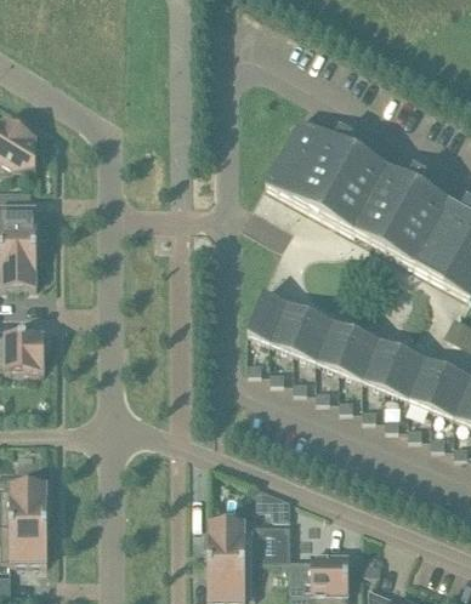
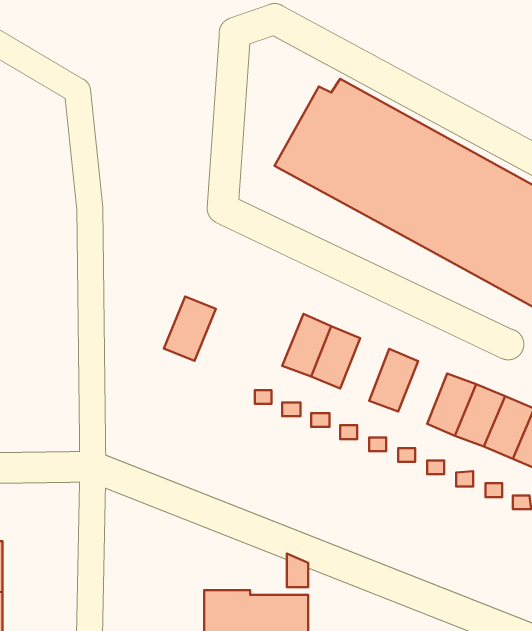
building: [245,292,286,343] -> [164,297,216,361]
building: [316,321,354,371] -> none
building: [362,340,401,389] -> none

